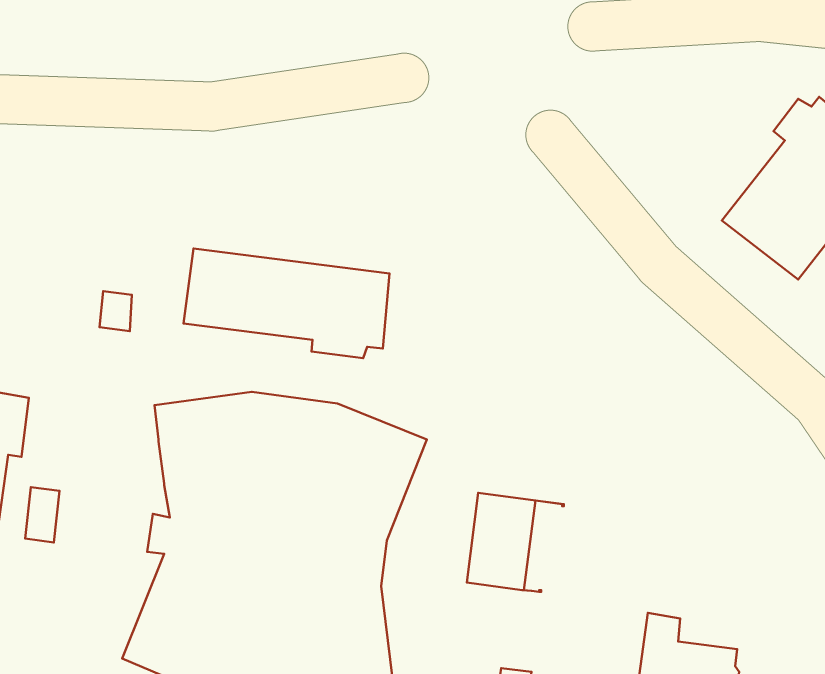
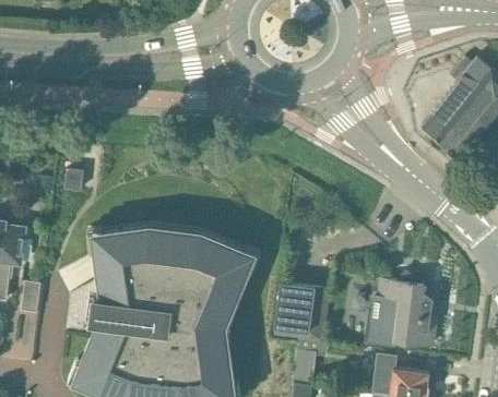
building: [184,249,389,358] -> none
building: none -> [364,275,436,348]
building: none -> [294,352,317,385]

